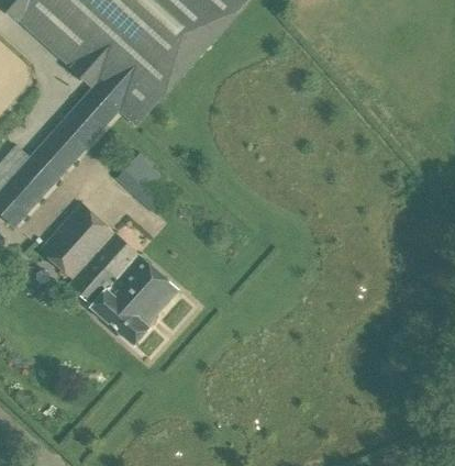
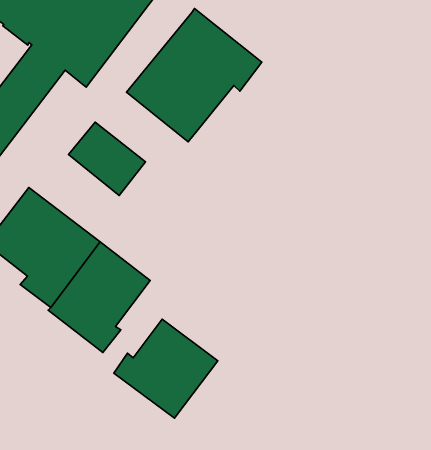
building: none -> [126,9,262,142]
building: none -> [114,319,218,418]

